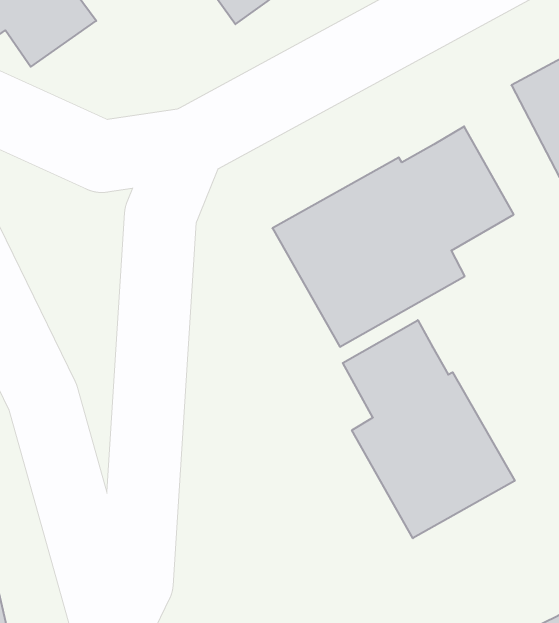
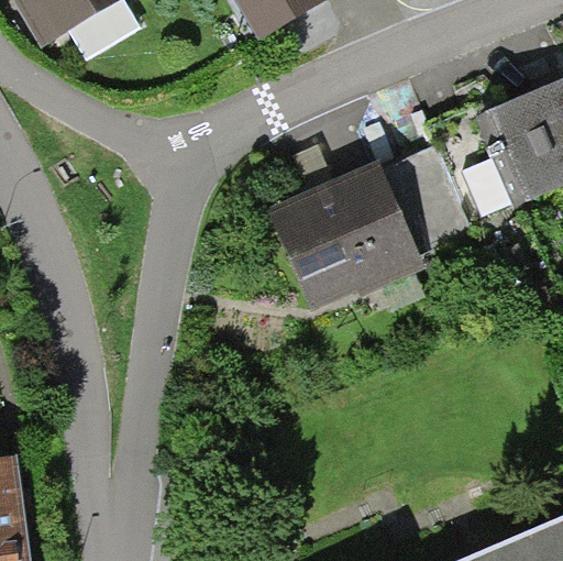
building: [343,320,515,538] -> none

